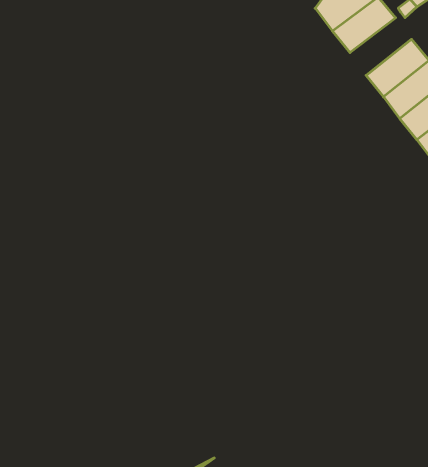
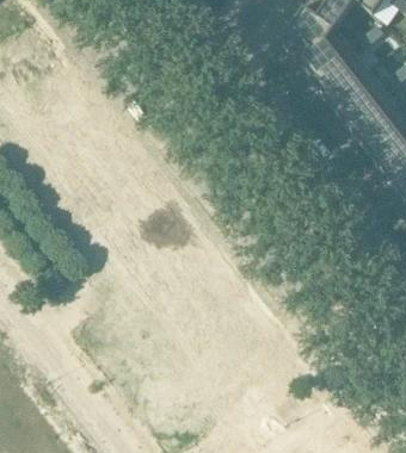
building: none -> [314,45,369,97]

